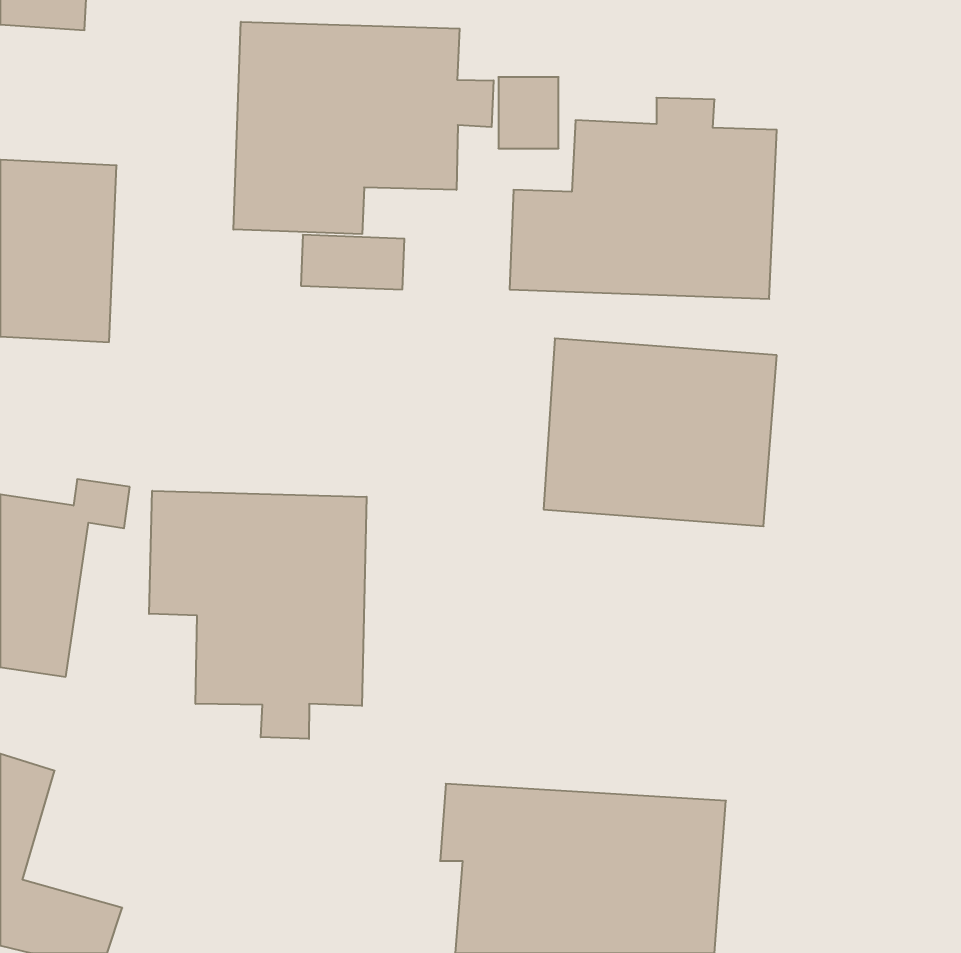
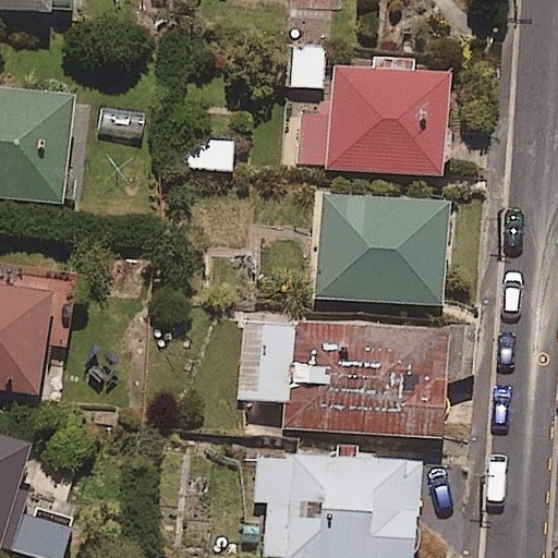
building: [233,22,494,234] -> none
building: [149,491,367,739] -> none
building: none -> [239,319,476,435]

